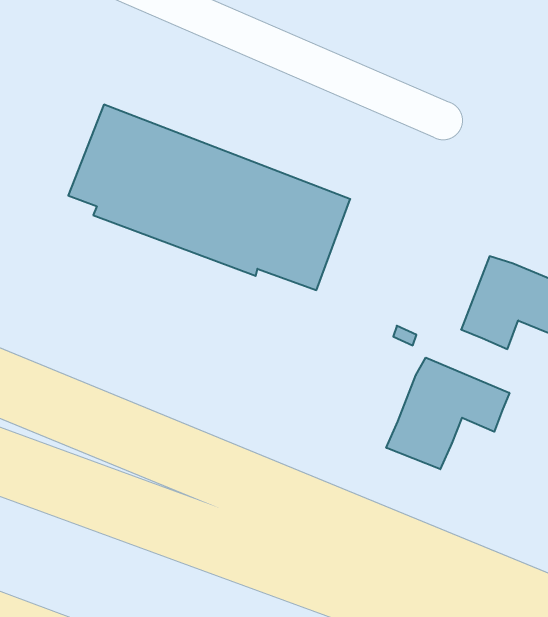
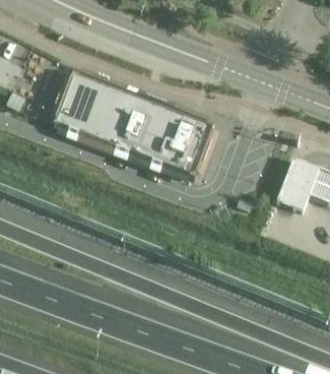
building: [386,358,509,469] -> none

